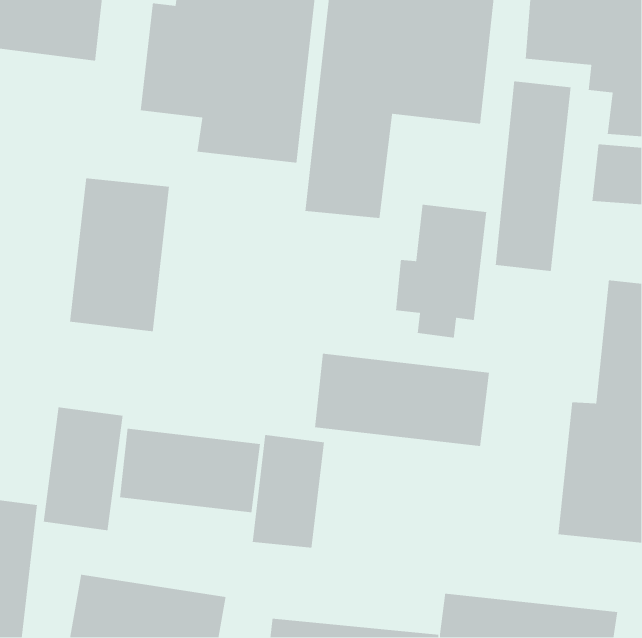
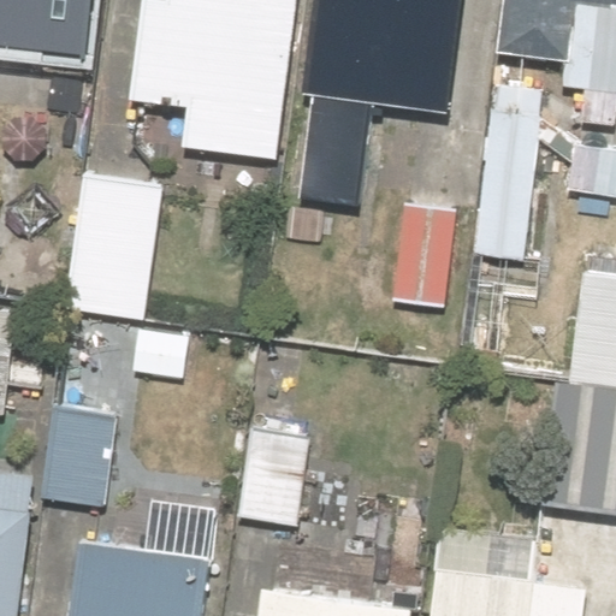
building: [314,353,490,447] -> none
building: [119,428,261,513] -> none

